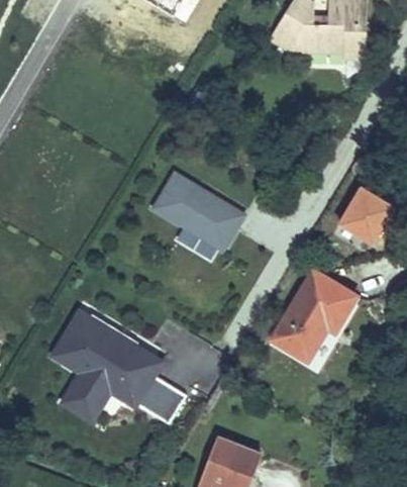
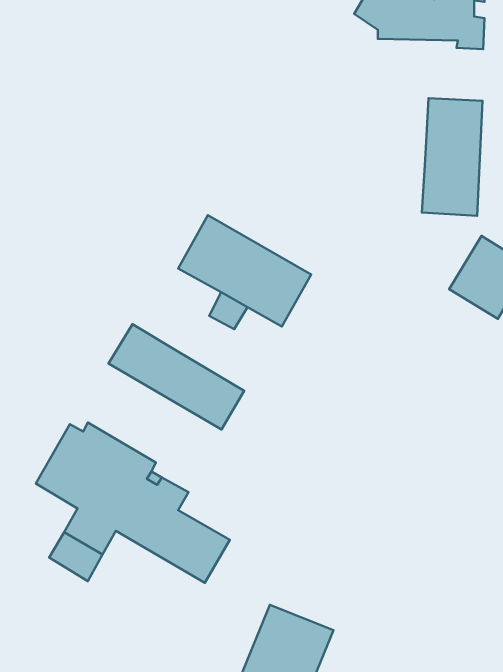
building: none -> [422,98,483,216]
building: none -> [108,324,244,430]
building: [270,271,354,362] -> none

